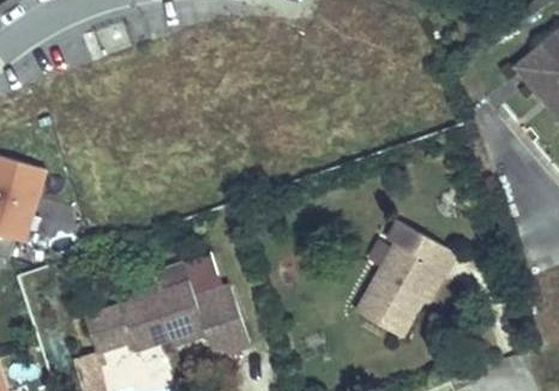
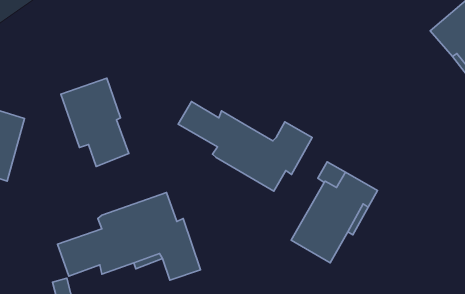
building: none -> [61,78,129,167]
building: none -> [178,101,312,191]

